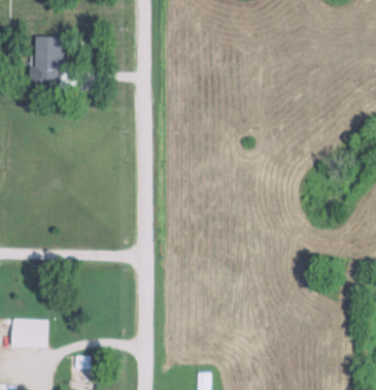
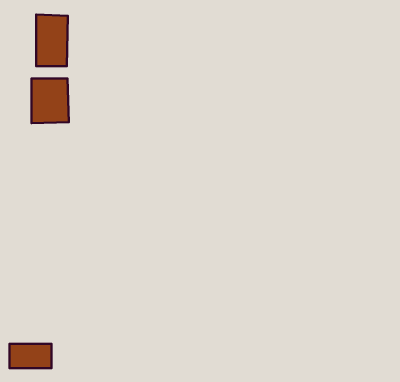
building: none -> [32,79,69,123]

